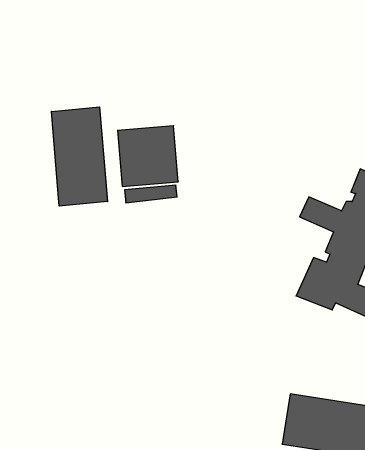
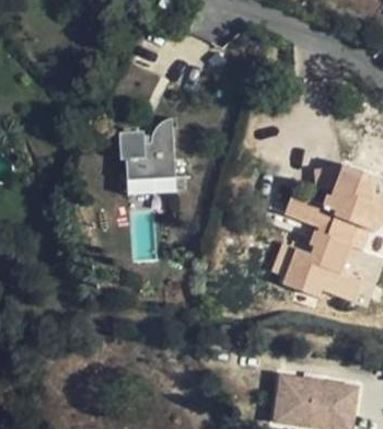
building: [51,107,108,206] -> none

